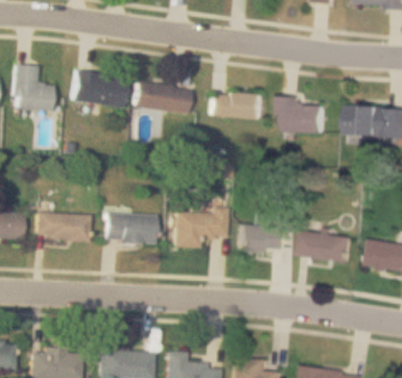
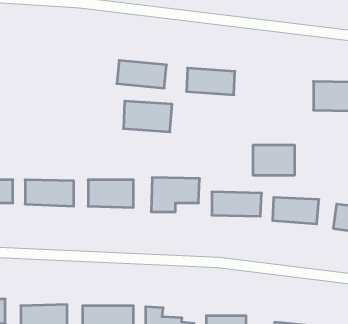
building: [17,65,55,110] -> none
building: [76,72,128,106] -> [123,101,172,132]
building: [283,100,329,132] -> [253,145,295,175]

